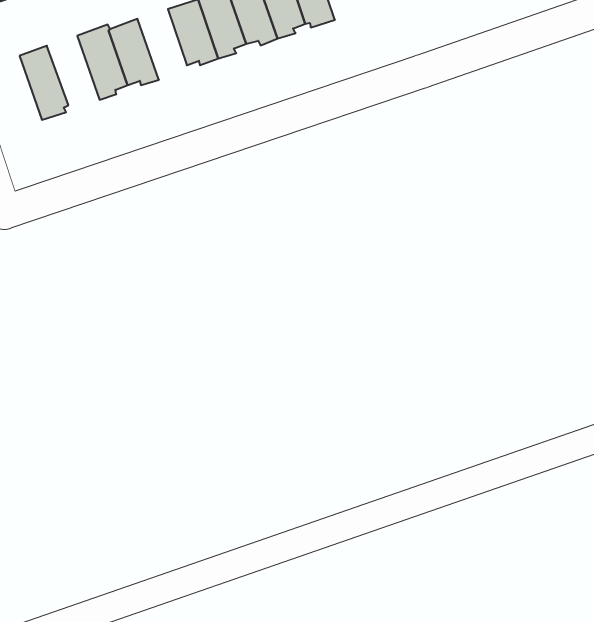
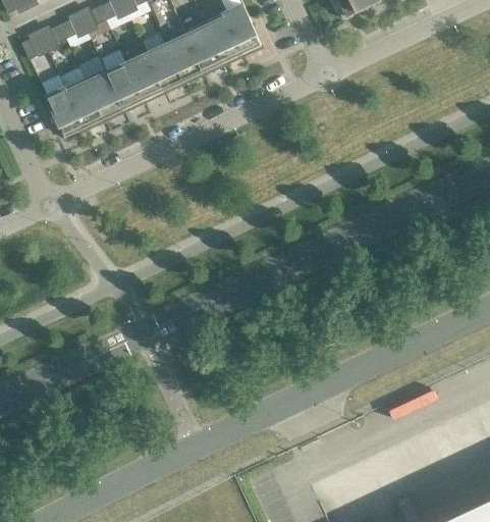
building: none -> [123,47,161,97]
building: none -> [62,72,103,121]

